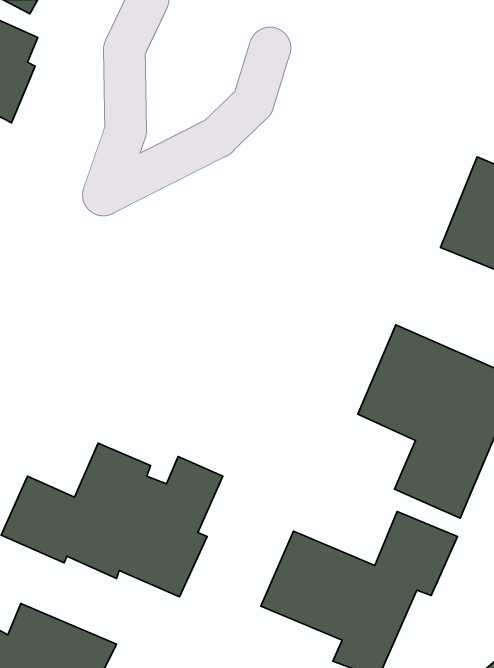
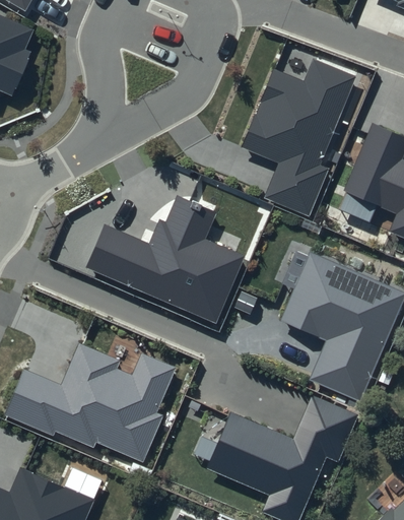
building: none -> [240,58,356,215]
building: none -> [86,195,244,322]

